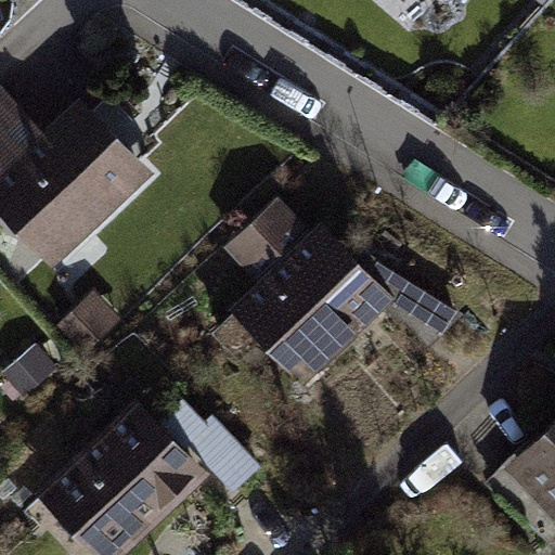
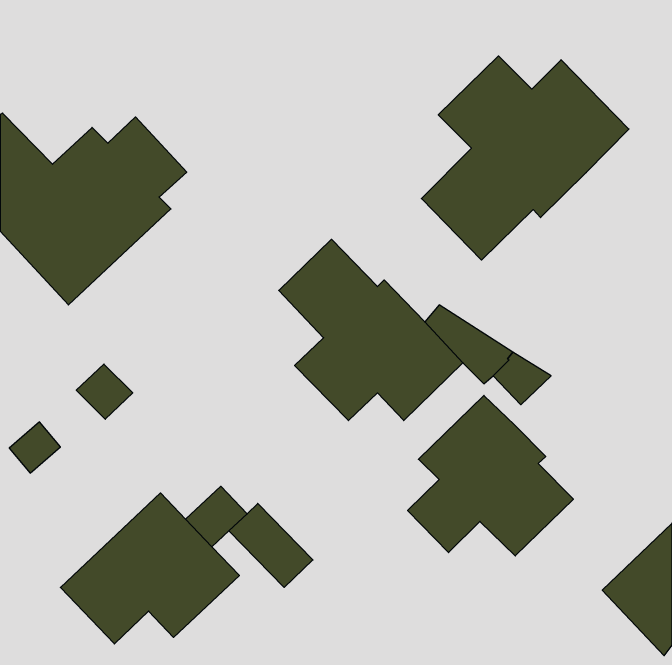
building: none -> [421,56,629,260]
building: none -> [408,395,573,556]

